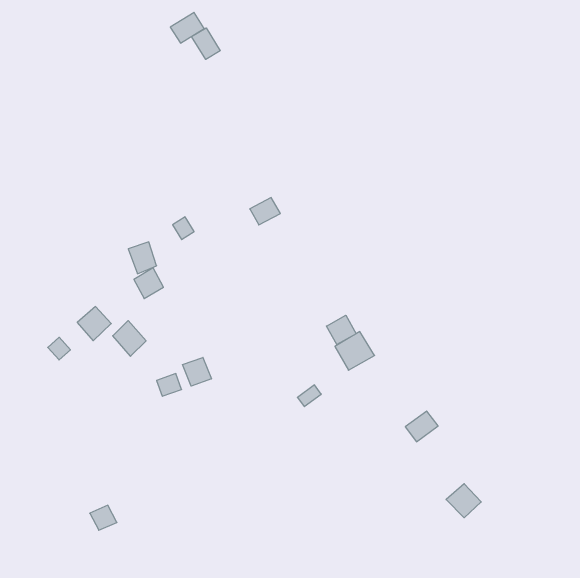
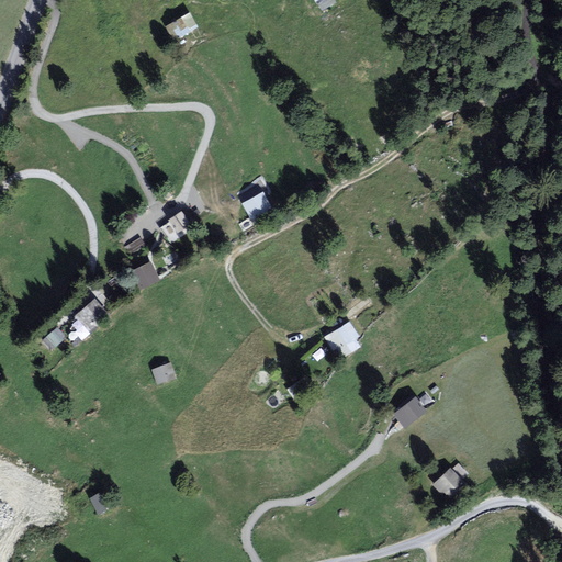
building: [192,28,220,59] -> none
building: [326,315,356,344] -> none
building: [113,321,146,356] -> none
building: [183,357,211,386] -> none

